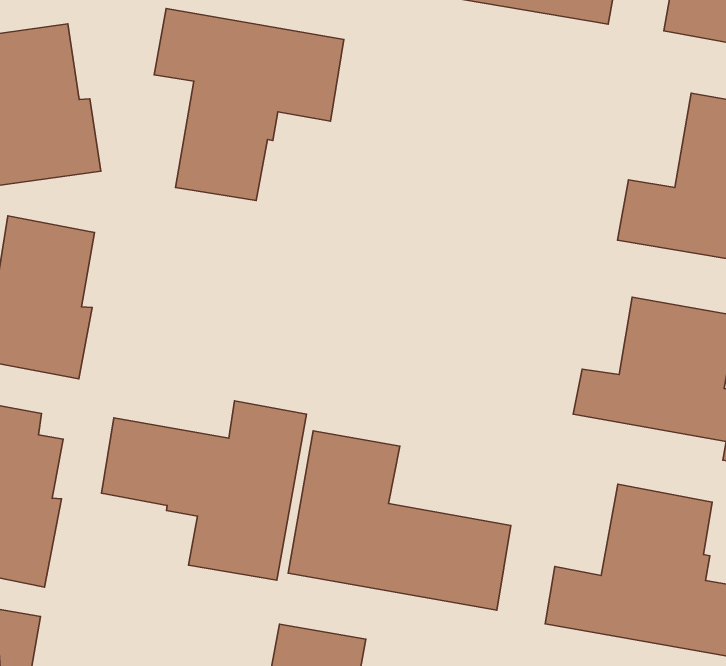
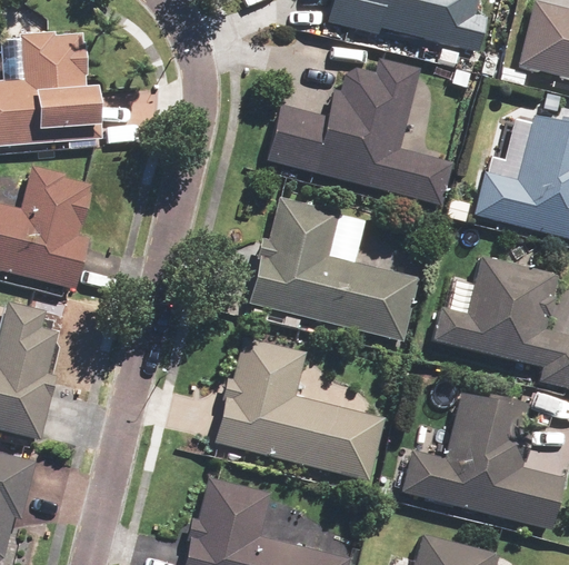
building: [154,8,344,200] -> none
building: none -> [267,57,452,204]
building: none -> [251,197,417,337]
building: [101,401,306,580] -> none

